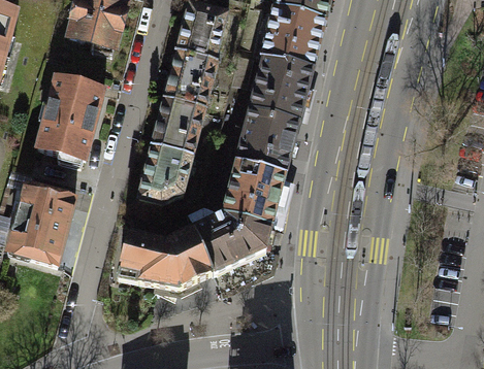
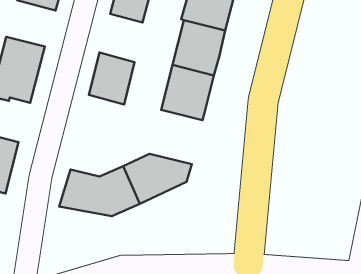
building: [164,49,218,106] -> none
building: [138,144,193,202] -> none
building: [223,162,285,226] -> none

